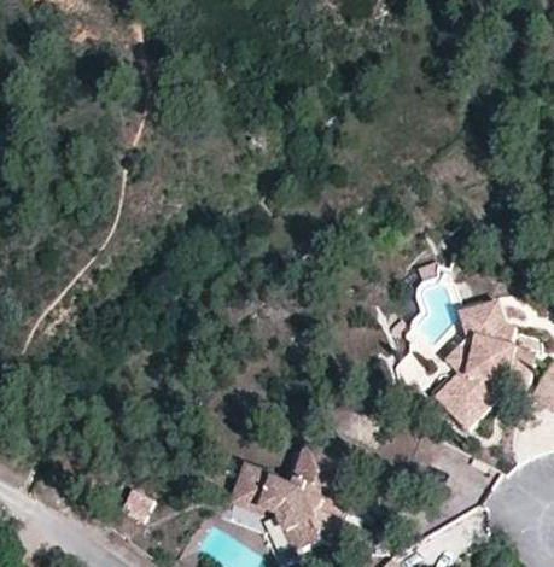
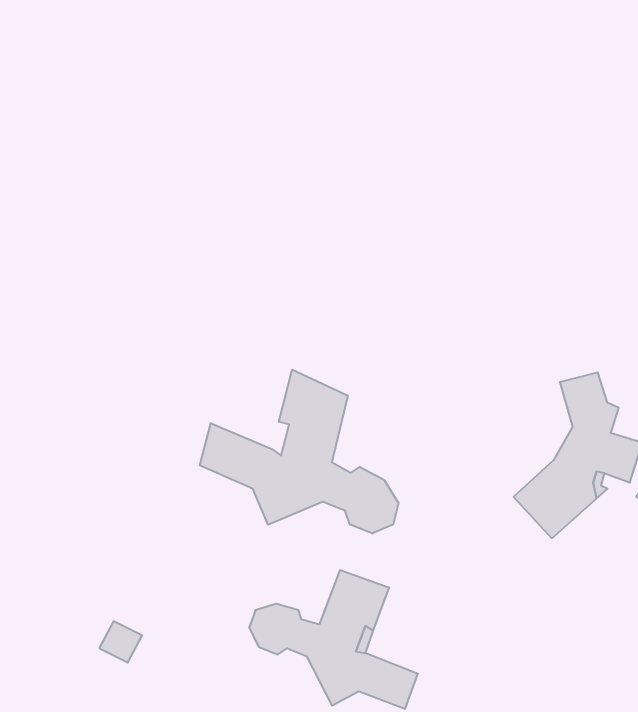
building: none -> [200,370,399,534]

